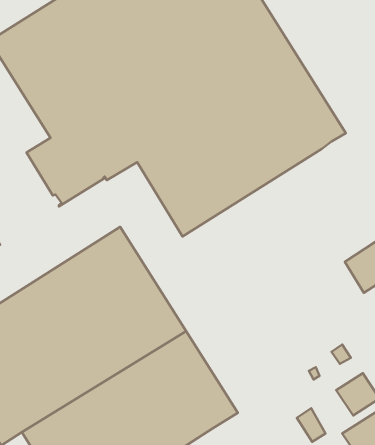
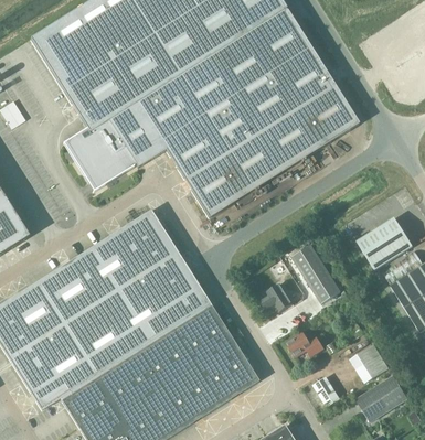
building: none -> [293,245,341,303]
building: none -> [261,283,293,312]
building: none -> [287,332,323,356]

